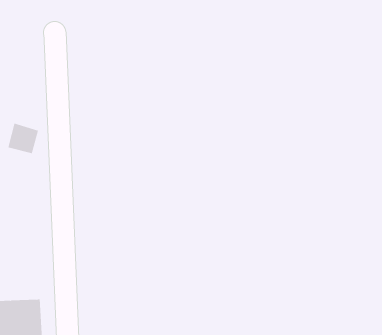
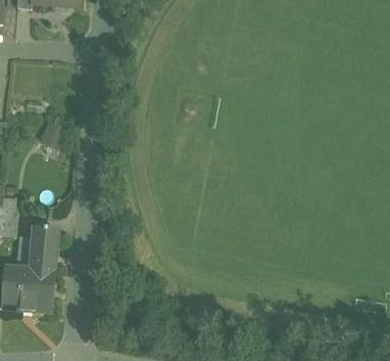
building: none -> [30,228,56,274]

